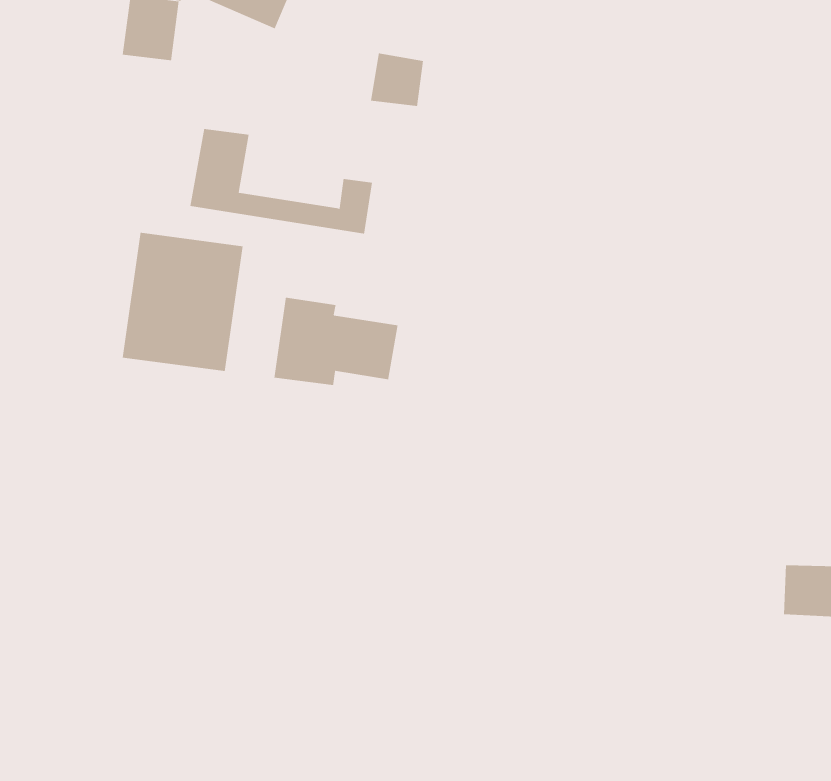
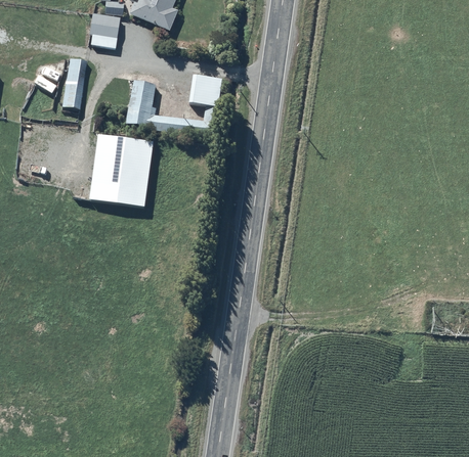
building: [370,53,424,107] -> [190,76,218,103]
building: none -> [62,58,86,107]
building: [274,297,398,386] -> none

